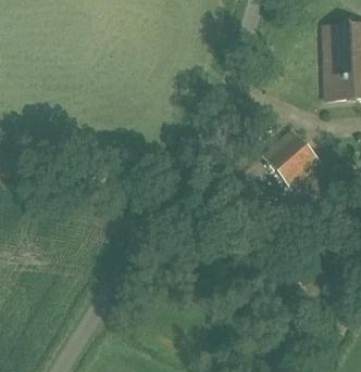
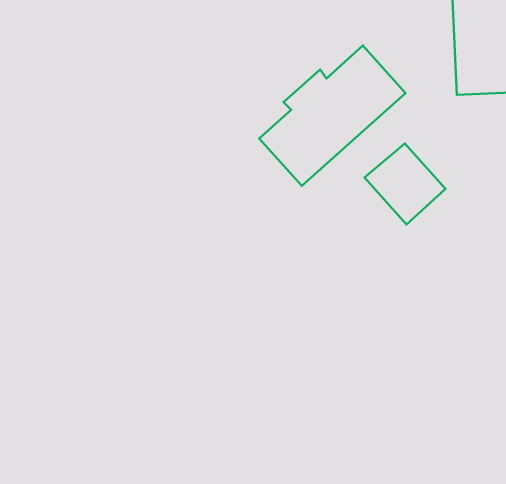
building: none -> [259,46,406,186]

